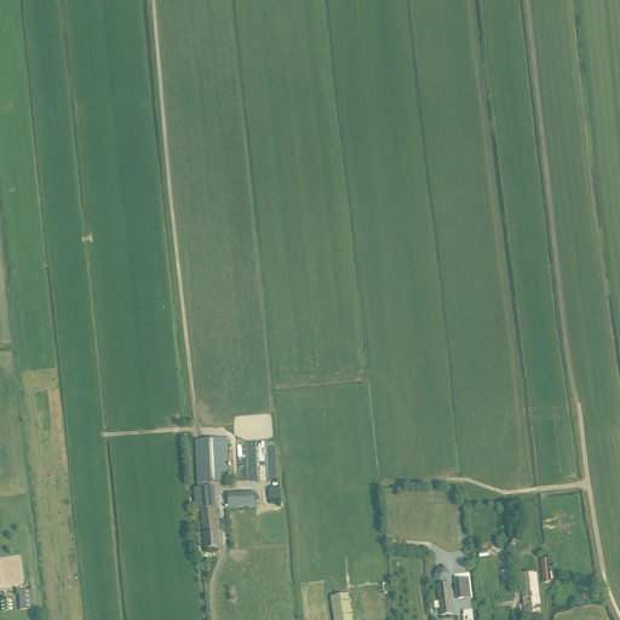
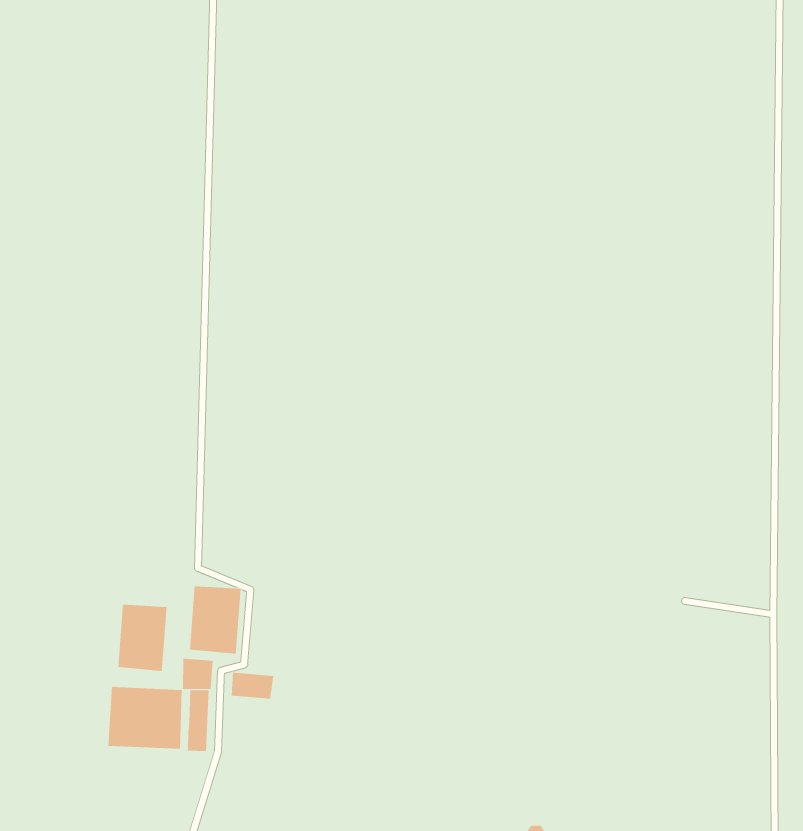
building: none -> [118,604,167,672]
building: none -> [108,686,182,750]

